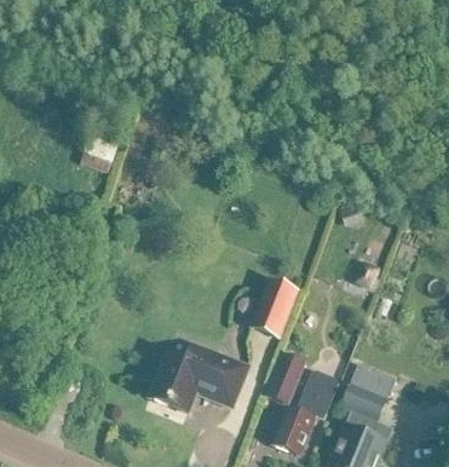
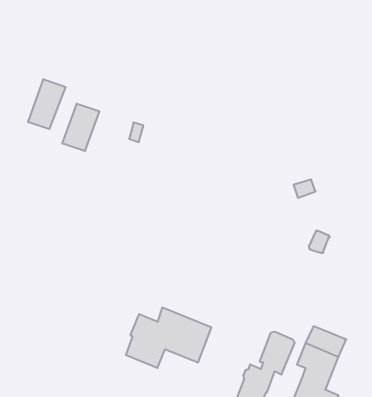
building: none -> [28,79,66,129]
building: [249,276,301,339] -> none
building: [266,353,304,405] -> none

